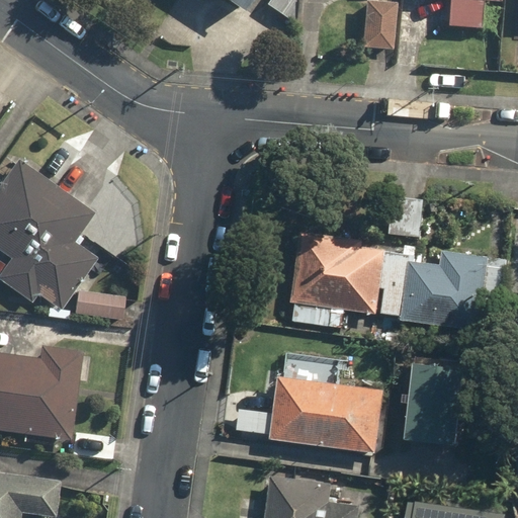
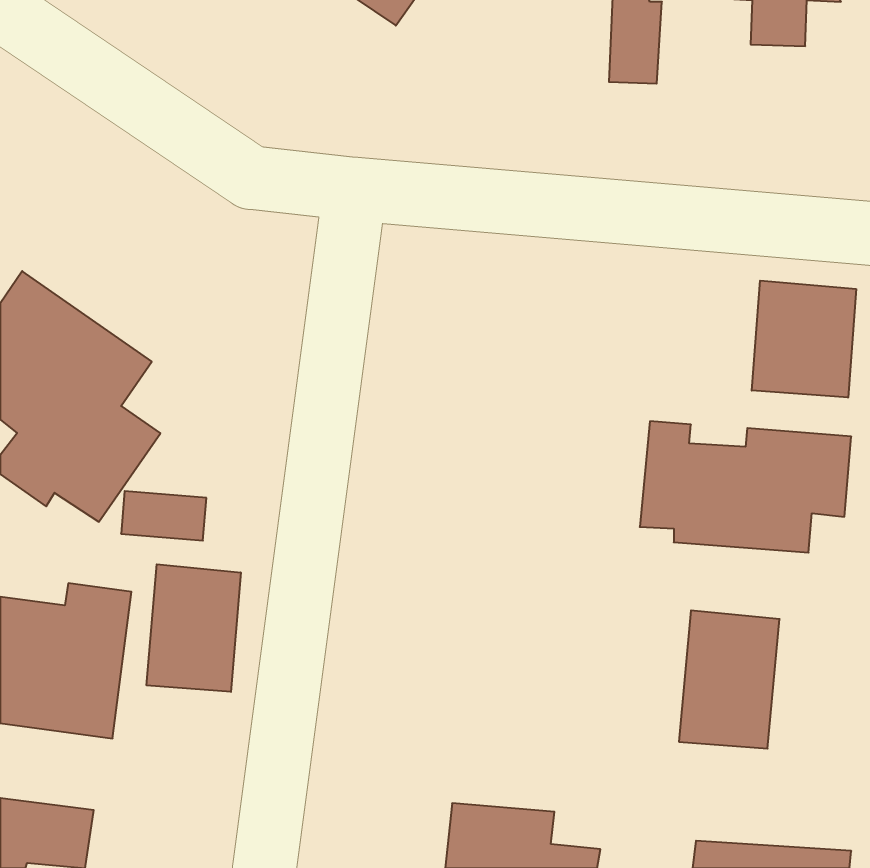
building: none -> [752,281,856,398]
building: [292,232,383,324] -> none
building: none -> [147,564,241,692]
building: [270,357,379,450] -> none

